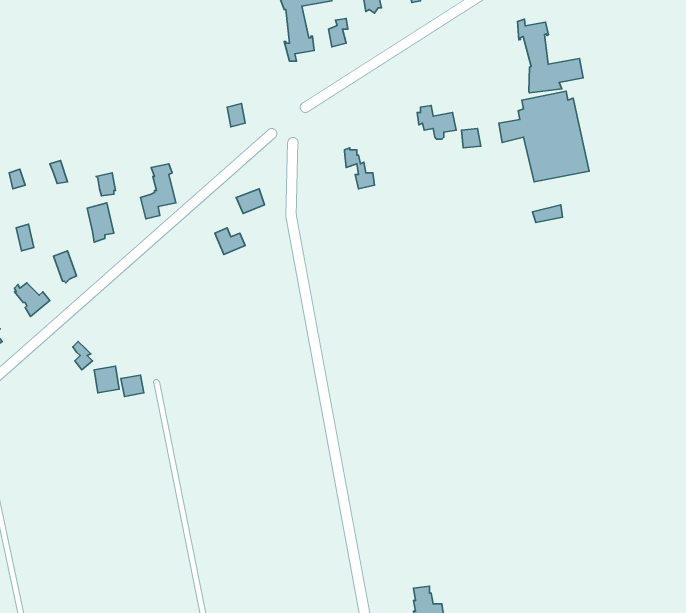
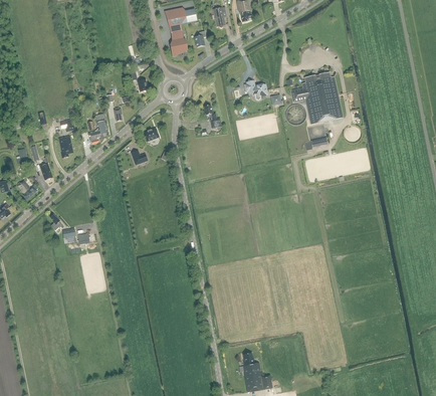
building: [517,19,583,93] -> none

